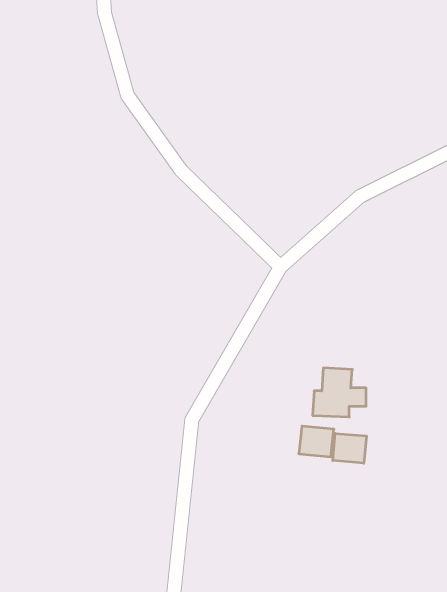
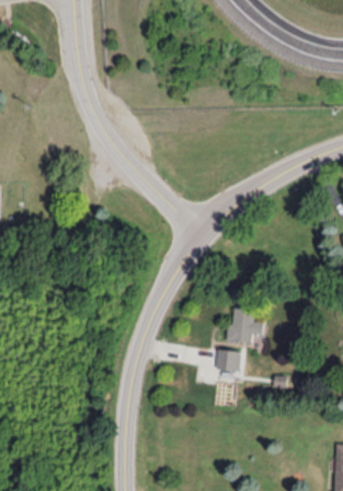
building: [333,433,366,463] -> none

